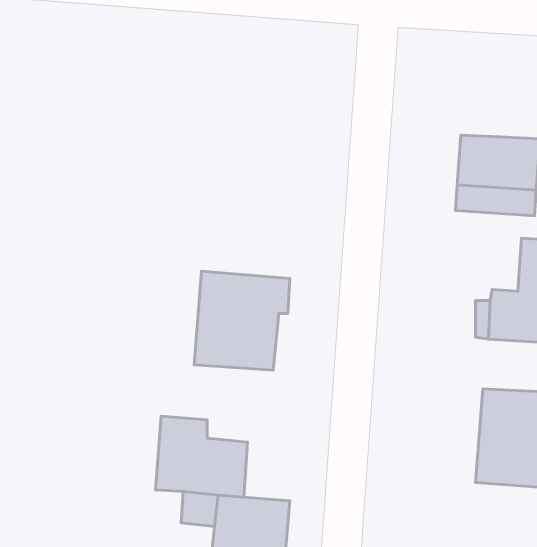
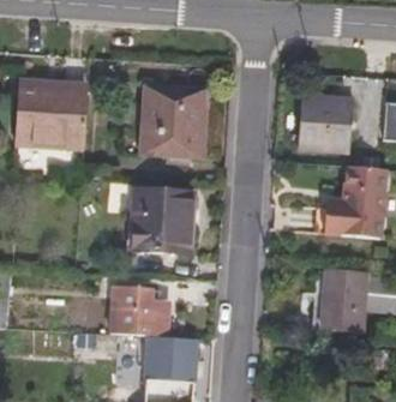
building: none -> [14,84,89,148]
building: none -> [142,89,205,158]

